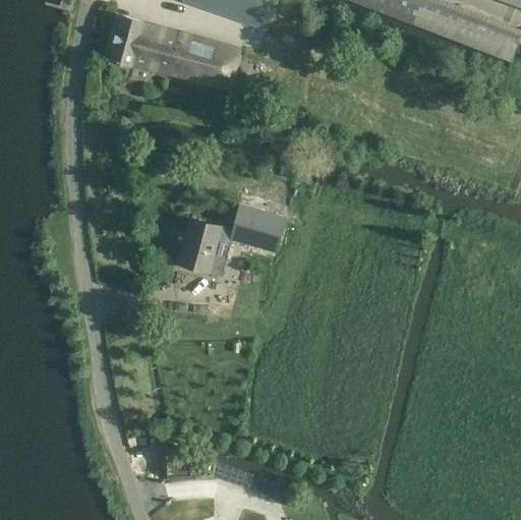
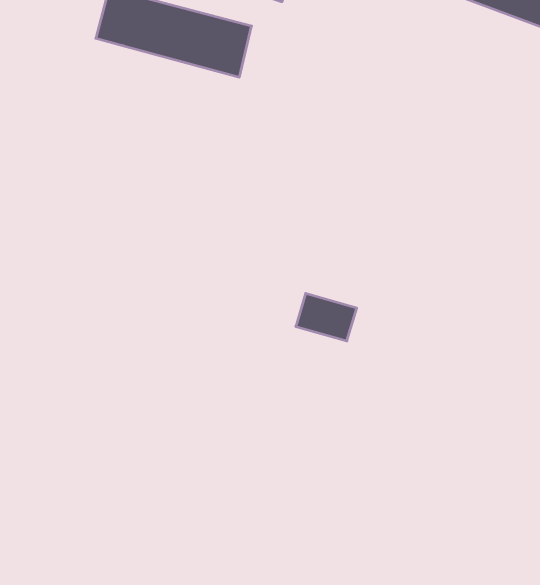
building: [229,211,280,250] -> [296,293,357,341]
building: [179,218,223,272] -> none

